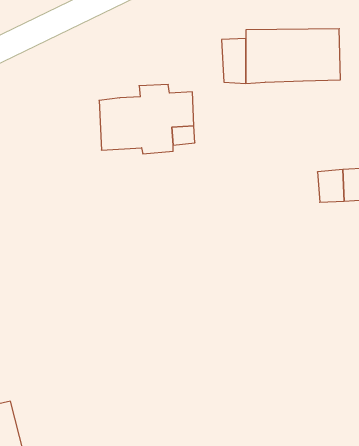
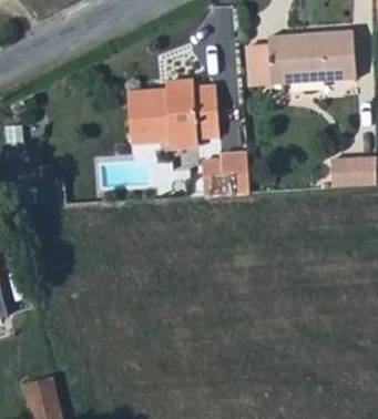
building: none -> [201,154,248,198]

